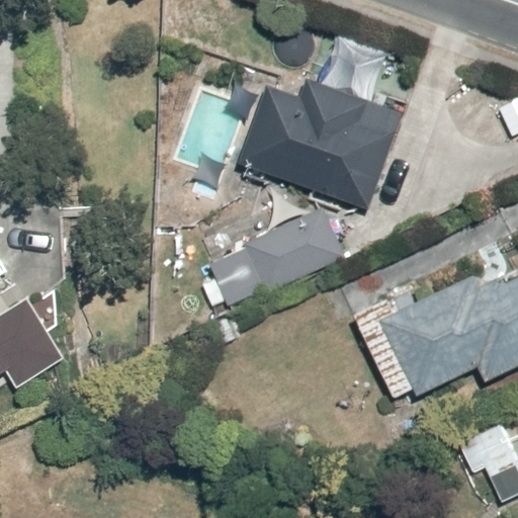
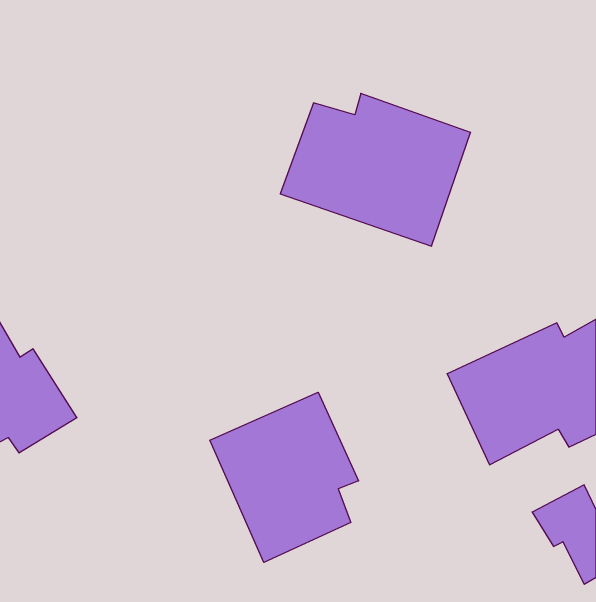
building: [193,194,343,303] -> none
building: none -> [210,392,359,562]

